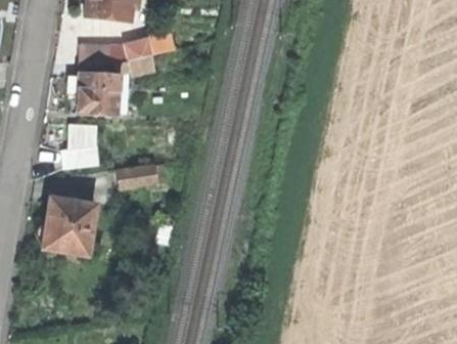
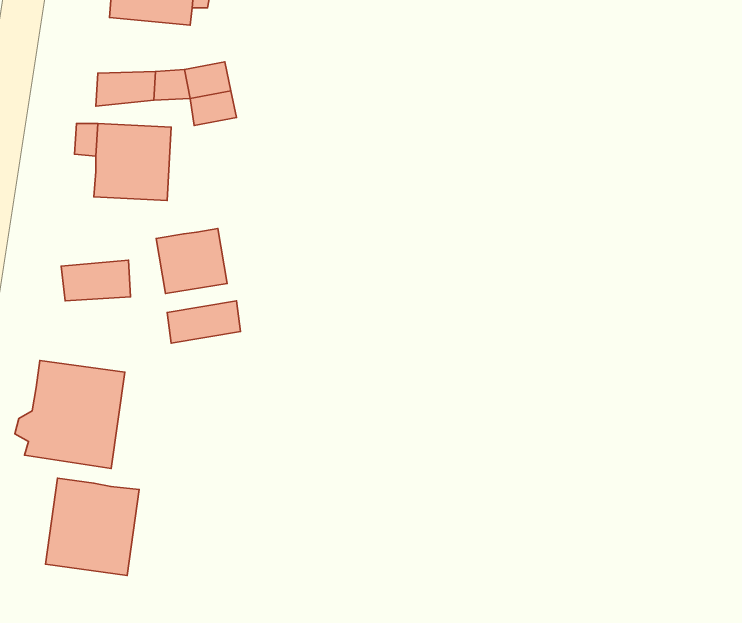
building: none -> [156,228,227,294]
building: none -> [45,478,139,576]

